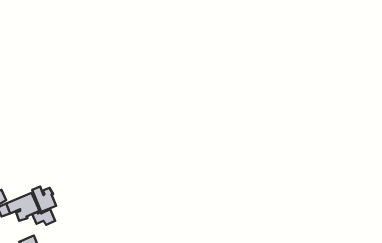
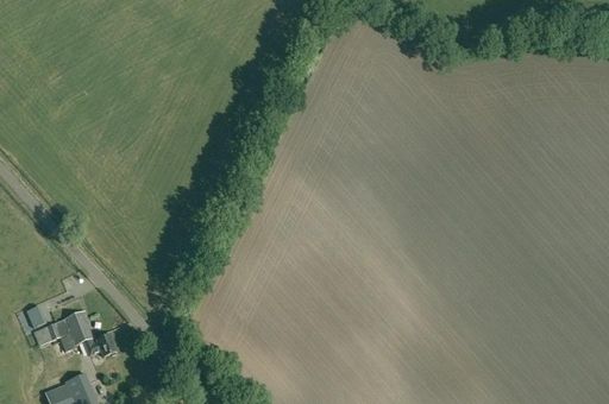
building: [32,187,56,212] -> none

